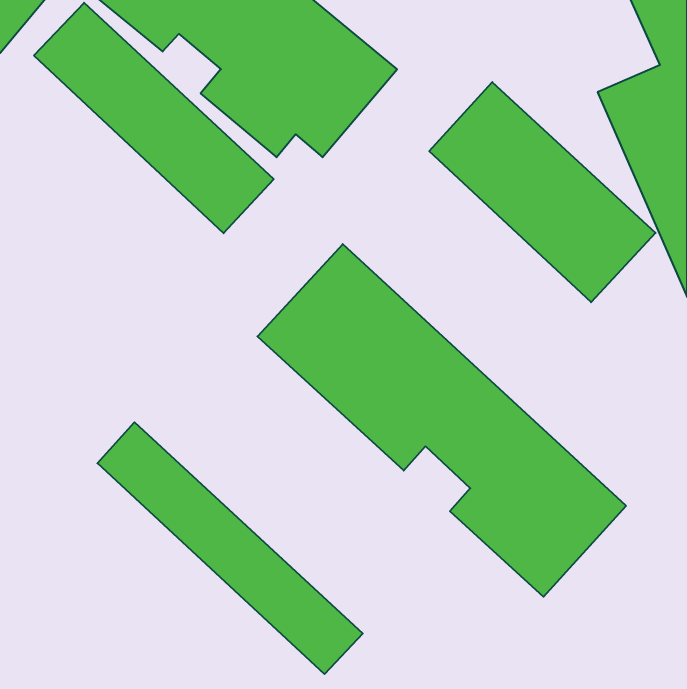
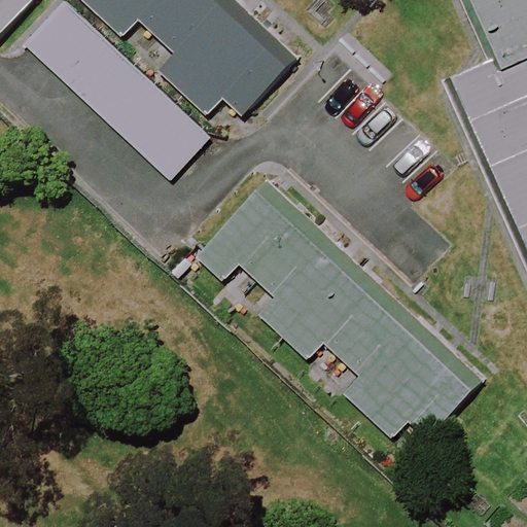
building: [429,82,656,302] -> none
building: [97,422,363,674] -> none

